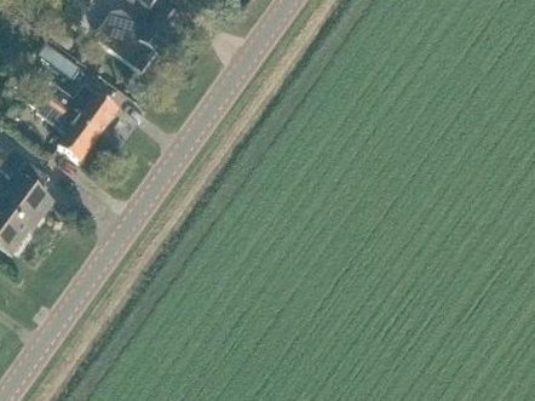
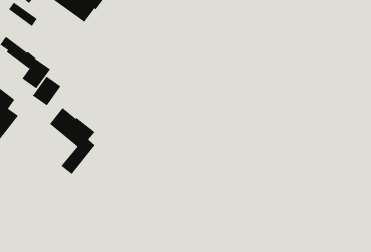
building: [76,93,116,134] -> [32,76,61,106]
building: none -> [49,107,95,175]

